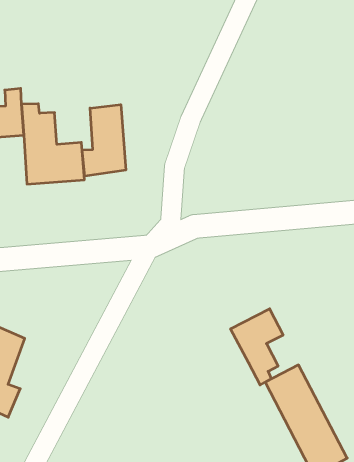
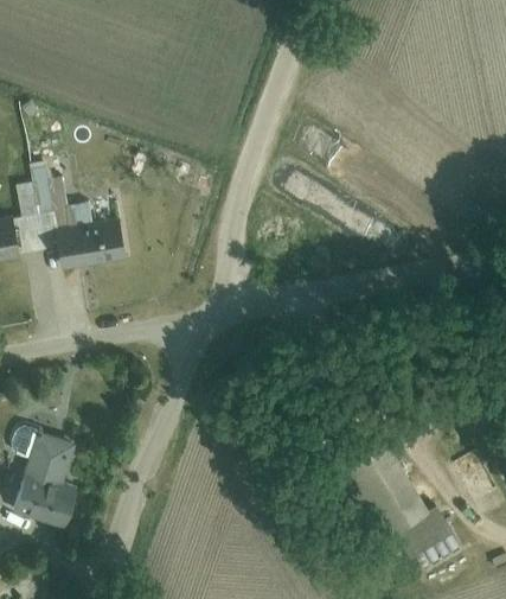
building: [82,105,126,176] -> none
building: [231,309,283,385] -> none

